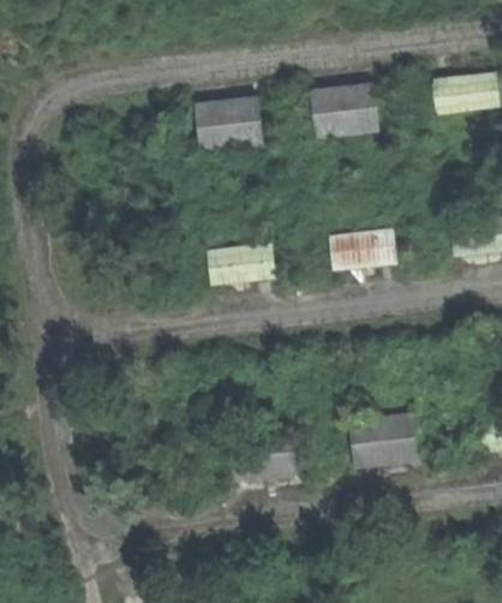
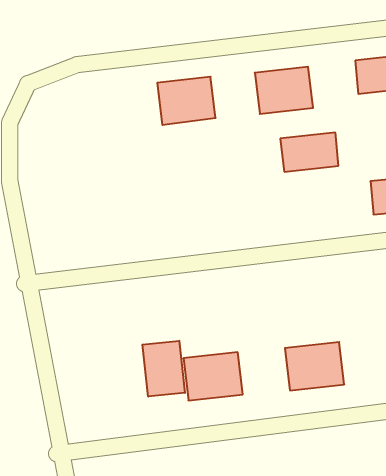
building: [328,227,398,274] -> [280,133,338,172]
building: [208,243,277,288] -> none
building: none -> [142,341,185,397]

